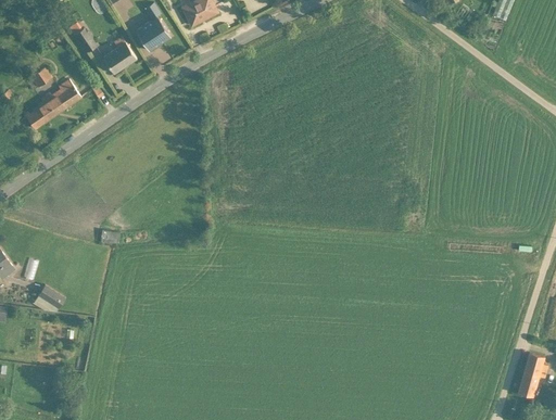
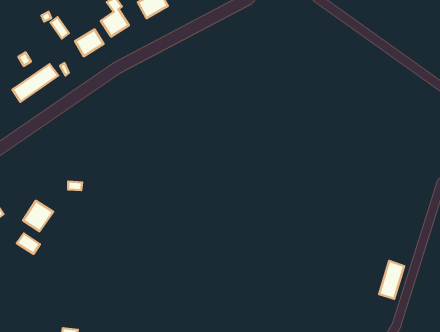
building: none -> [23,201,53,231]
building: [516,352,546,398] -> [379,261,404,299]

